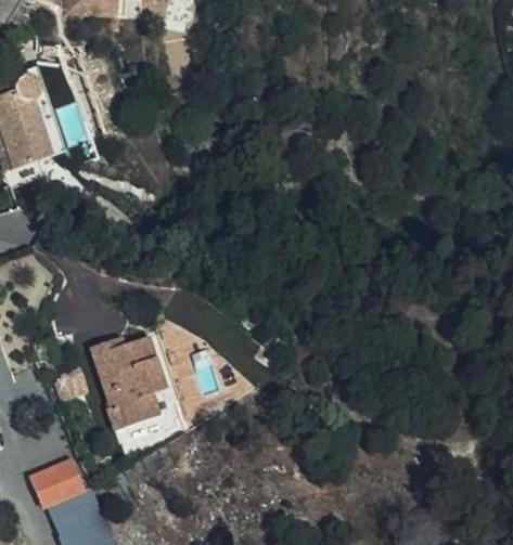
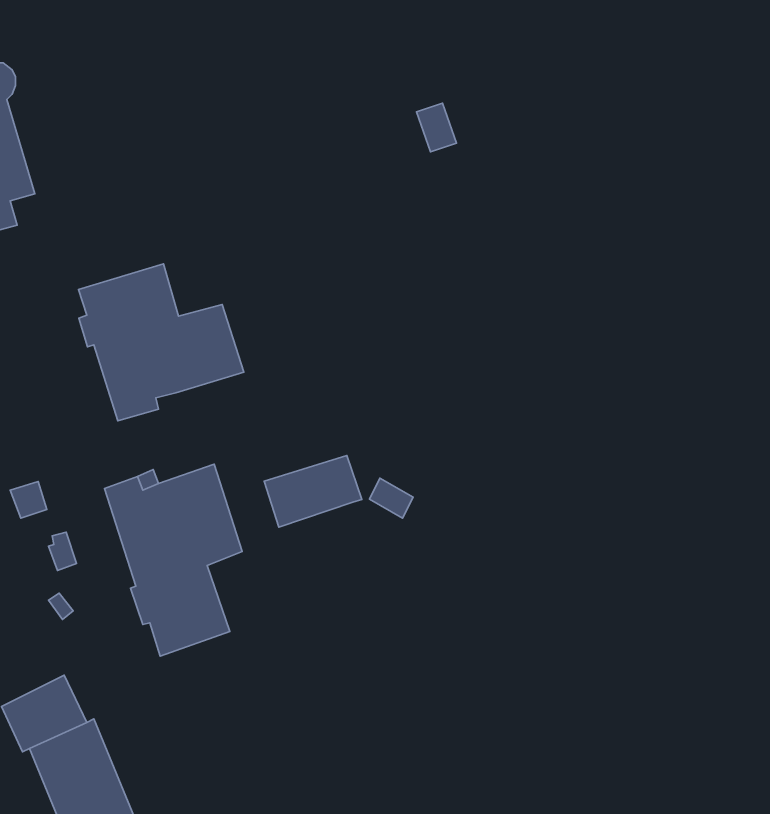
building: none -> [79,264,244,421]
building: none -> [264,456,362,527]

